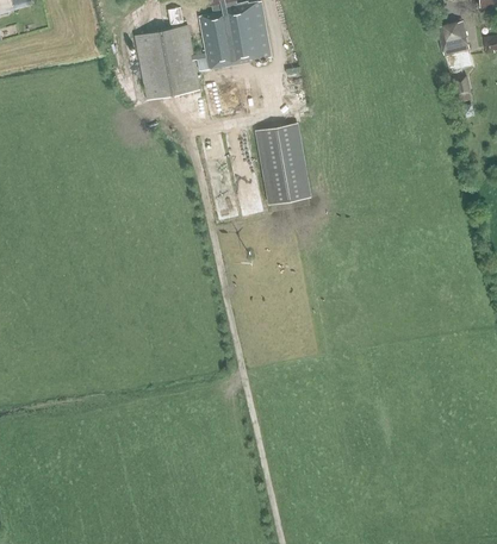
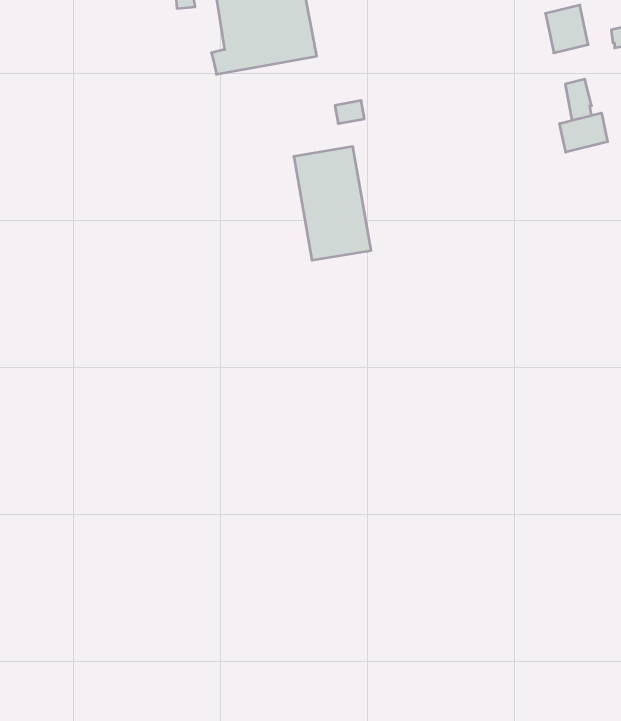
building: [135,25,199,100] -> none
building: none -> [560,113,608,152]

